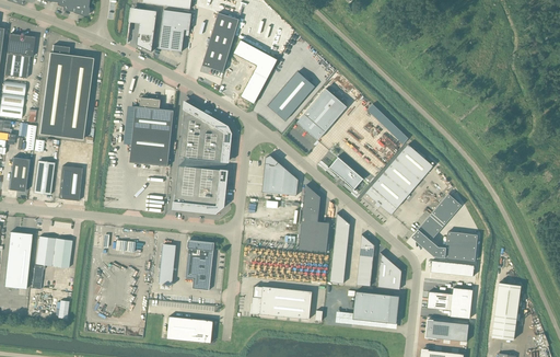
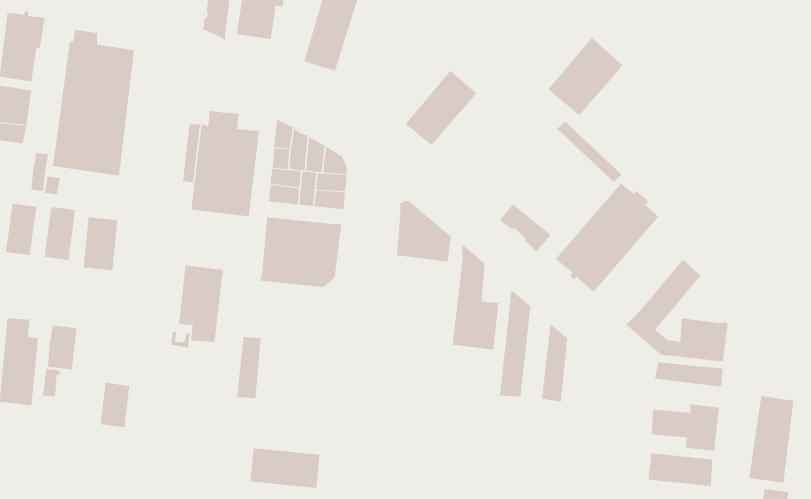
building: [234,41,277,102] -> none
building: [298,89,347,140] -> [547,37,623,116]
building: [52,239,72,268] -> [100,382,130,428]
building: [185,240,214,290] -> [178,265,224,342]
building: [376,253,401,289] -> none
building: [252,287,312,320] -> none
building: [353,291,399,324] -> none

